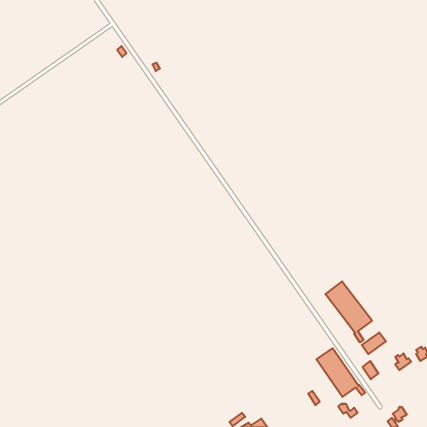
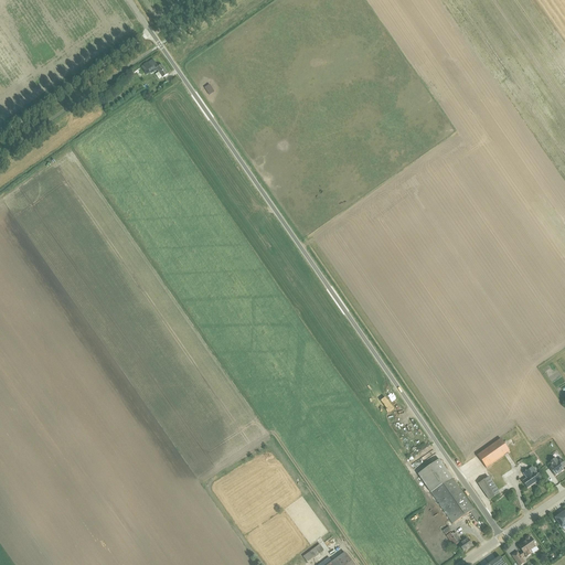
building: [325,281,372,342] -> none

